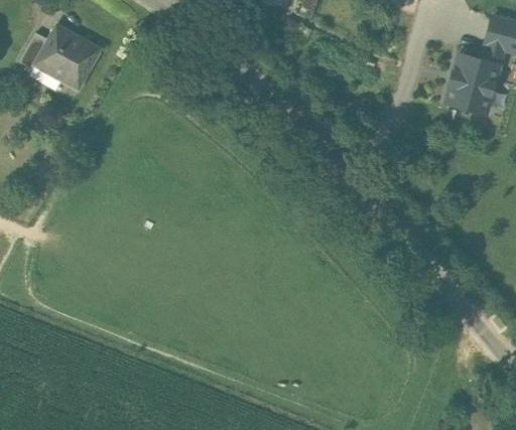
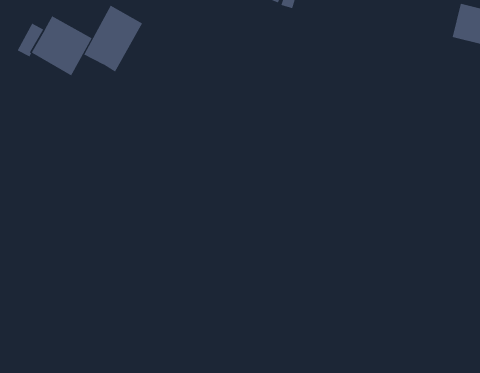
building: none -> [84,5,143,72]
building: [447,53,501,113] -> none

